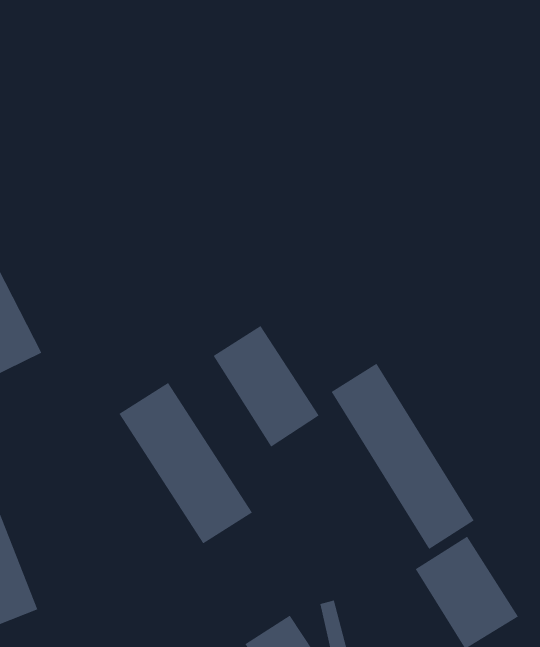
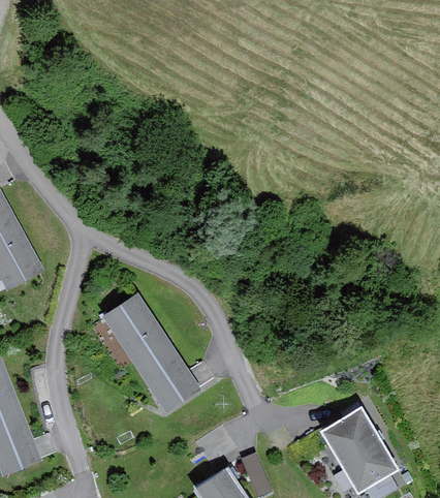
building: [213,325,319,448] -> none
building: [331,363,475,550] -> none

